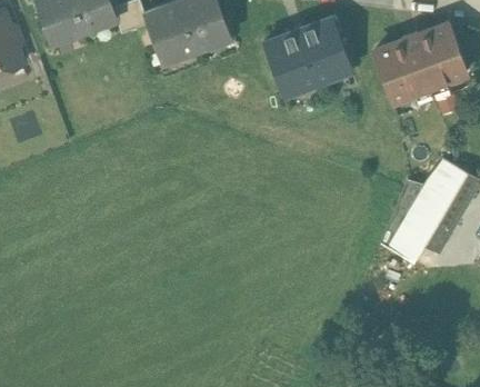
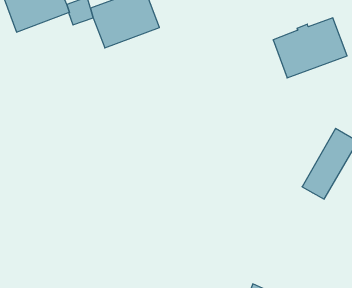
building: [264,18,352,96] -> none
building: [381,158,454,264] -> none

